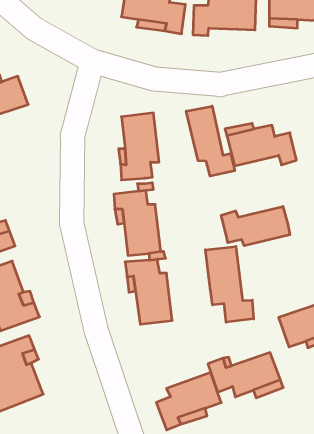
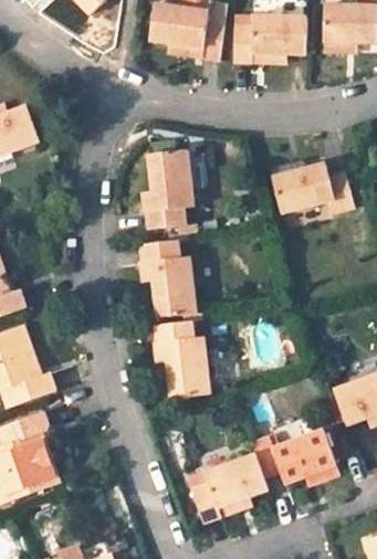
building: [186,106,235,176] -> none
building: [221,206,290,246] -> none
building: [205,246,254,322] -> none

